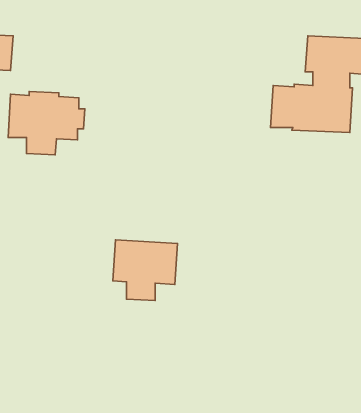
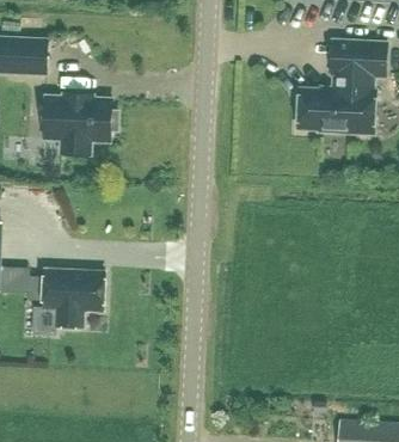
building: [113,240,177,301] -> [41,268,103,326]

